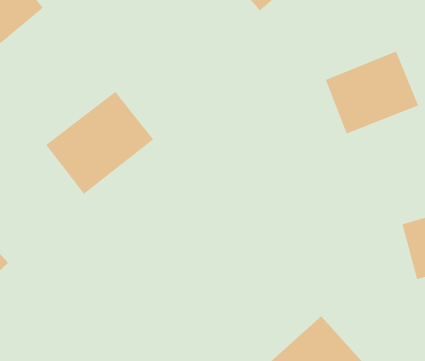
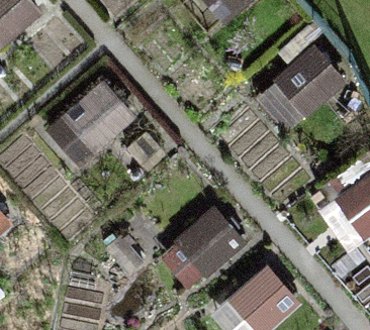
building: none -> [158,208,244,292]

